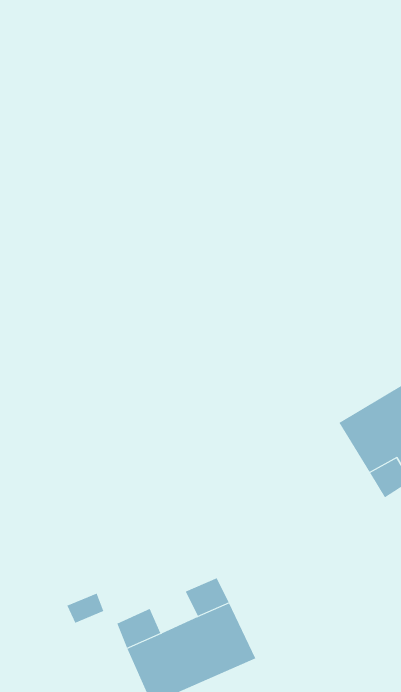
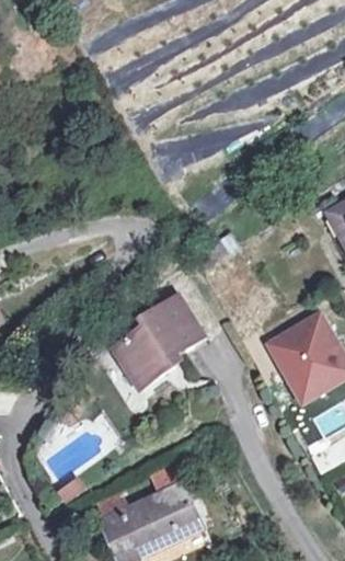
building: none -> [113,298,204,391]

